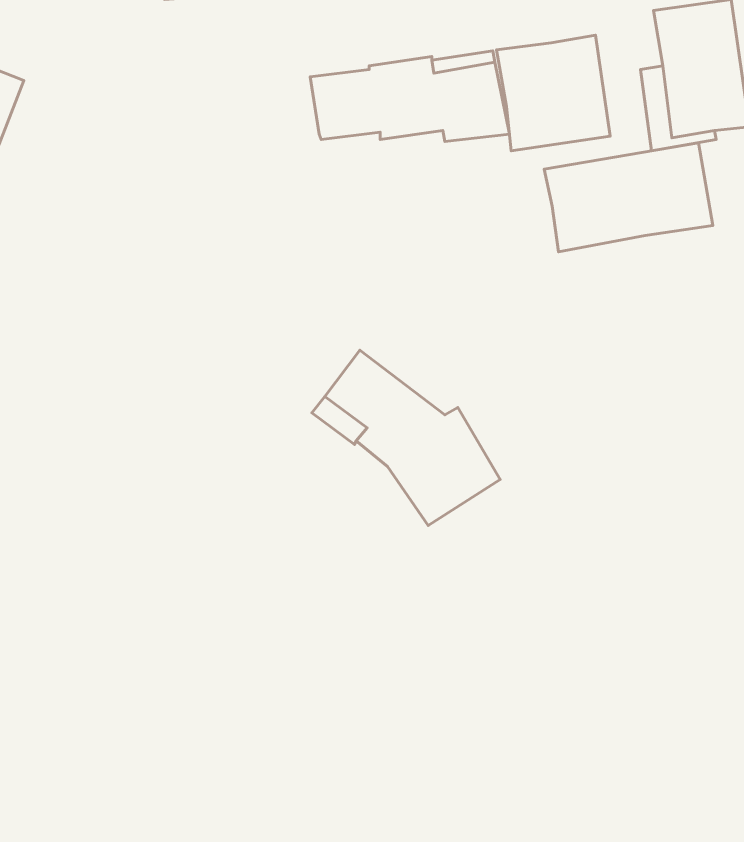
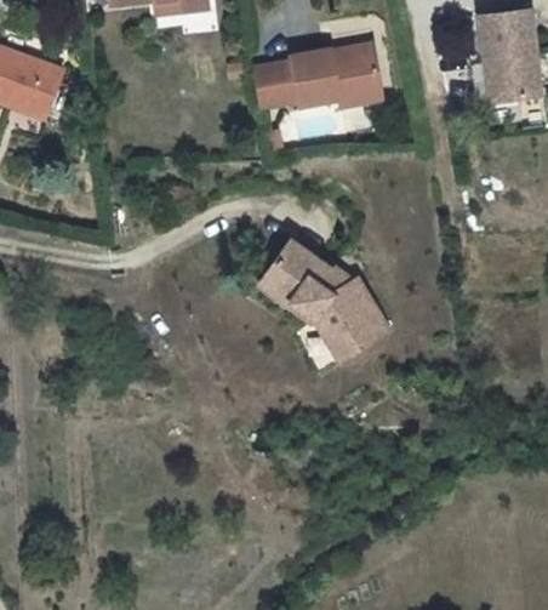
building: [497,35,610,151] -> none
building: [544,143,713,252] -> none

